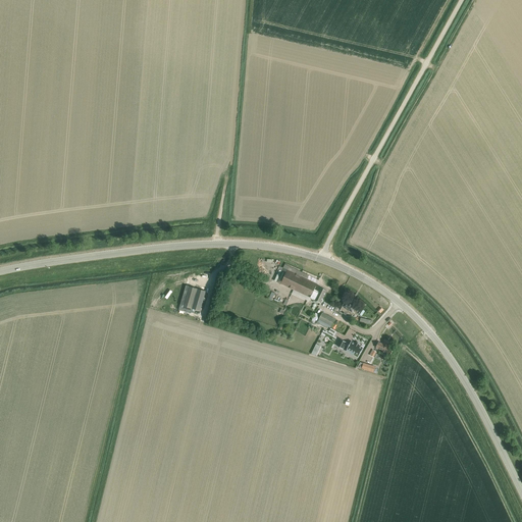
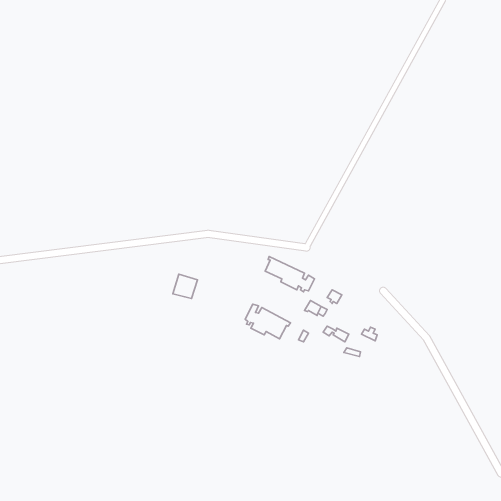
building: none -> [245,304,290,339]

